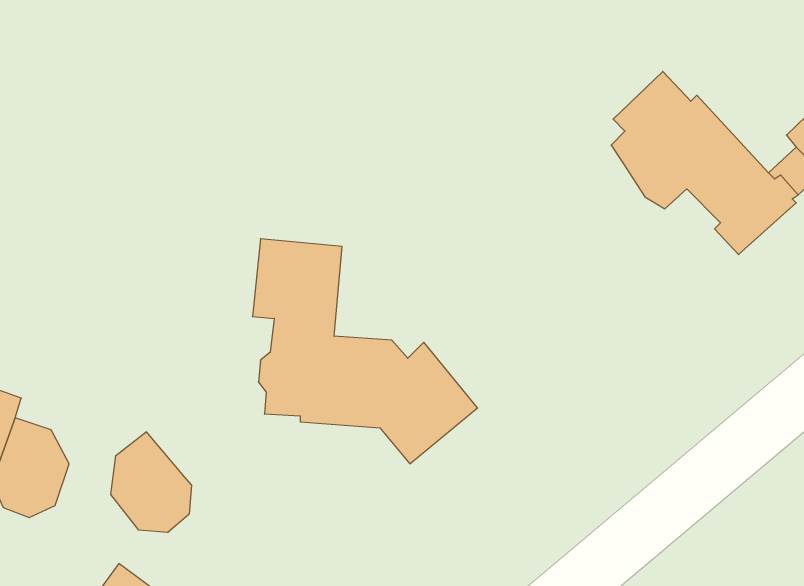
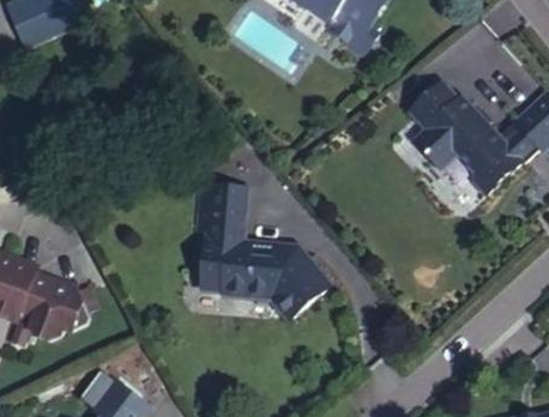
building: [111,432,192,533] -> none

